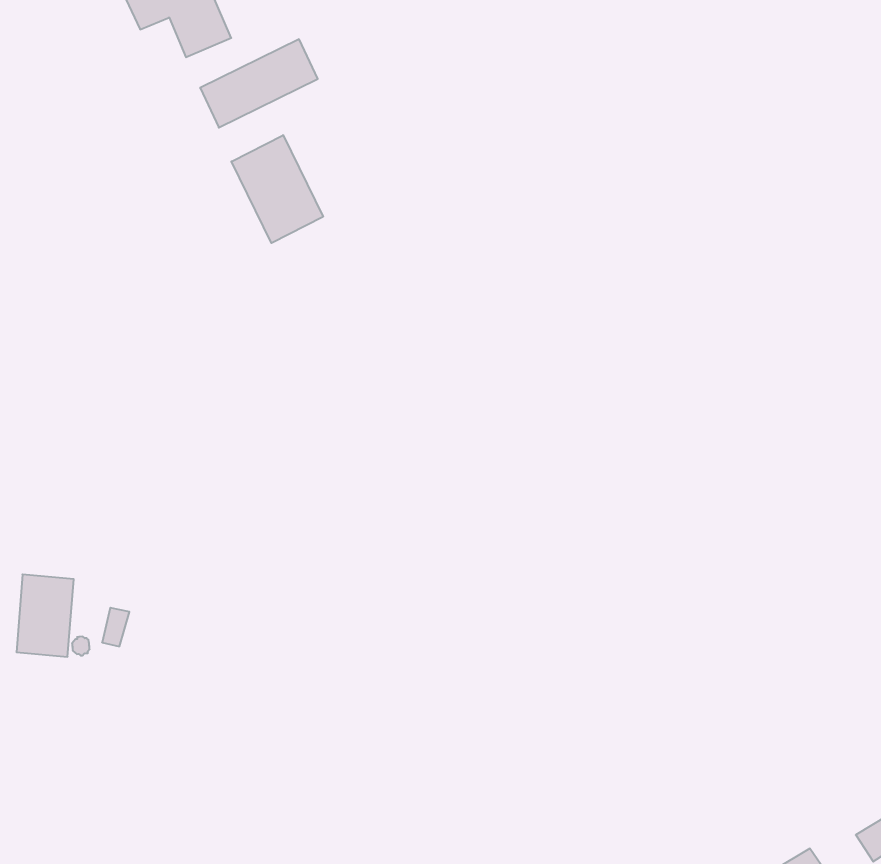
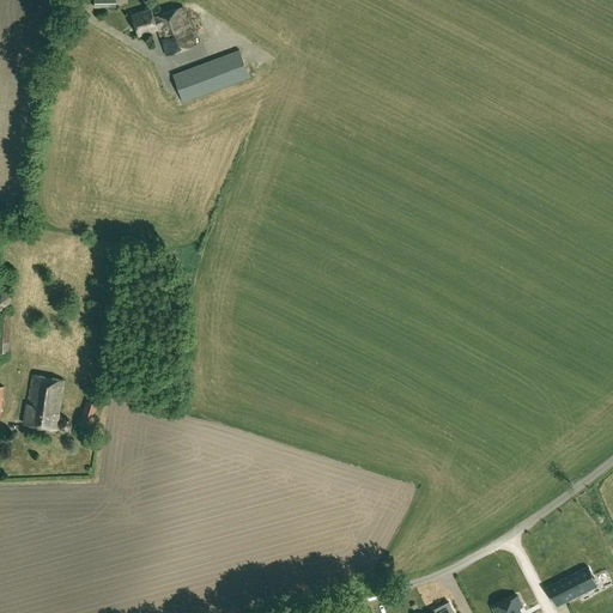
building: [231,135,323,243] -> none

